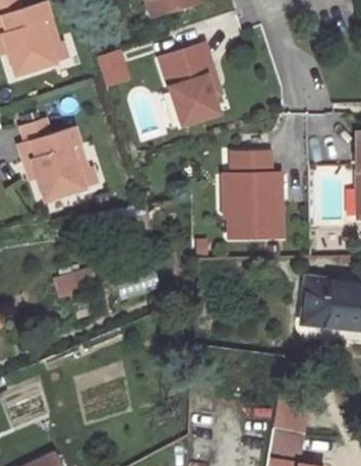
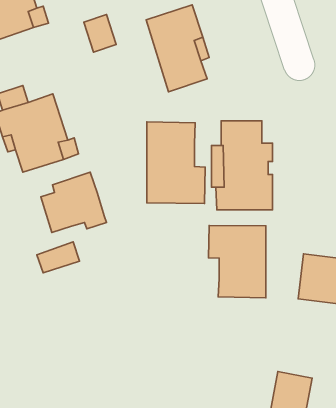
building: none -> [147,122,205,204]
building: none -> [41,172,107,233]
building: none -> [208,225,266,298]

